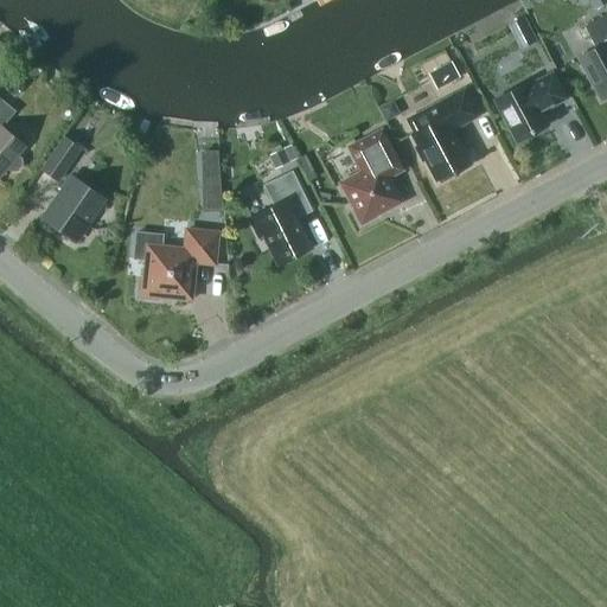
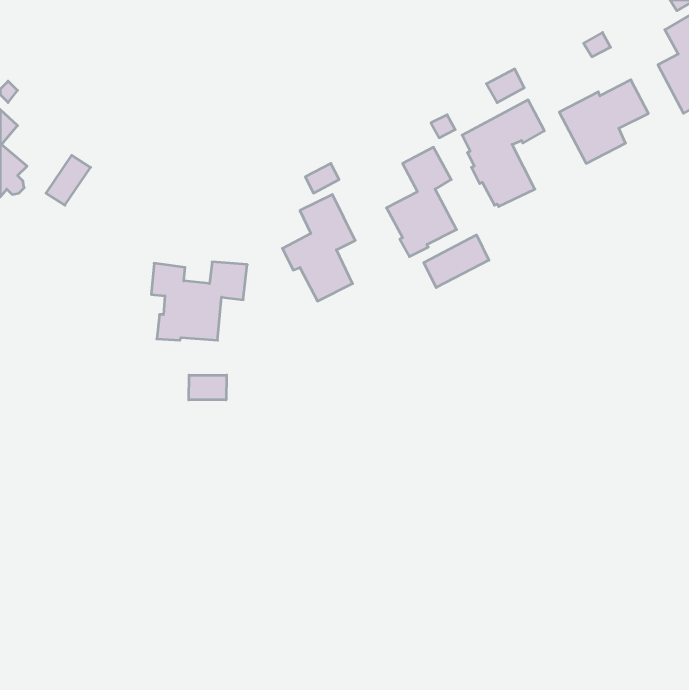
building: [204,166,224,222] -> none
building: [44,177,104,241] -> none
building: none -> [424,235,489,288]
building: none -> [189,375,227,400]

